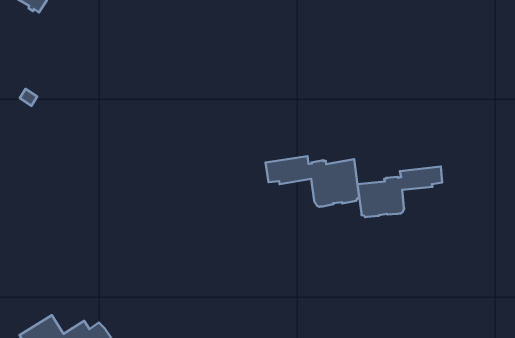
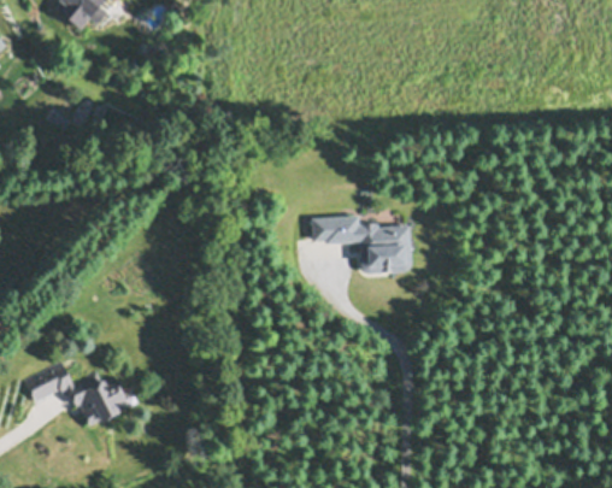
building: [358,166,442,217] -> none

